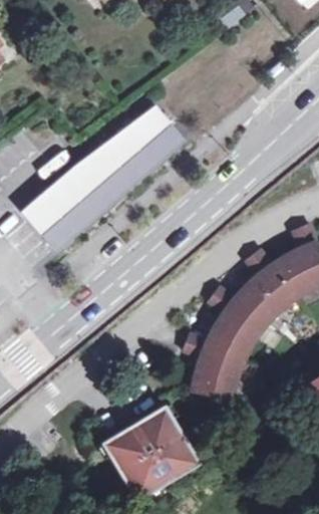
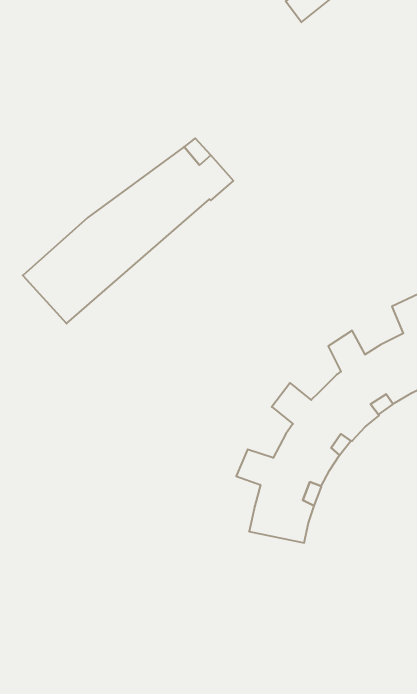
building: [104,406,198,497] -> none

